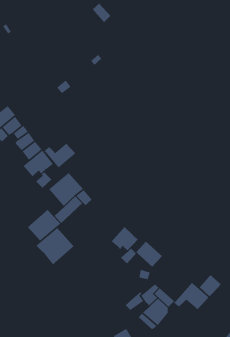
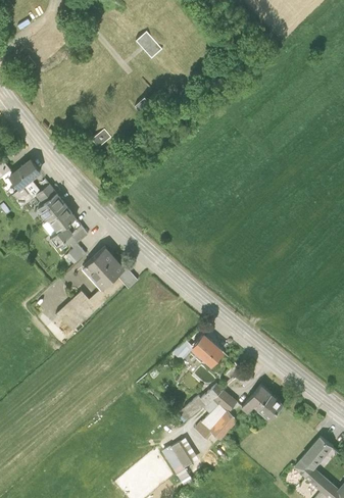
building: [44,143,76,168] -> none
building: [111,226,139,251] -> none
building: [36,227,75,266] -> none
building: [199,274,221,297] -> none

